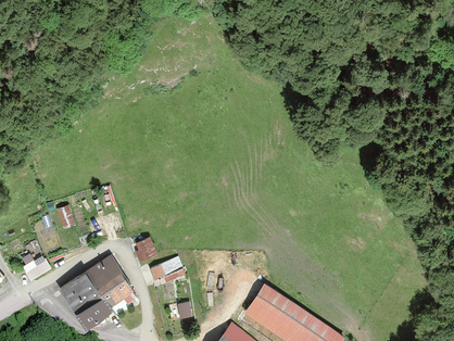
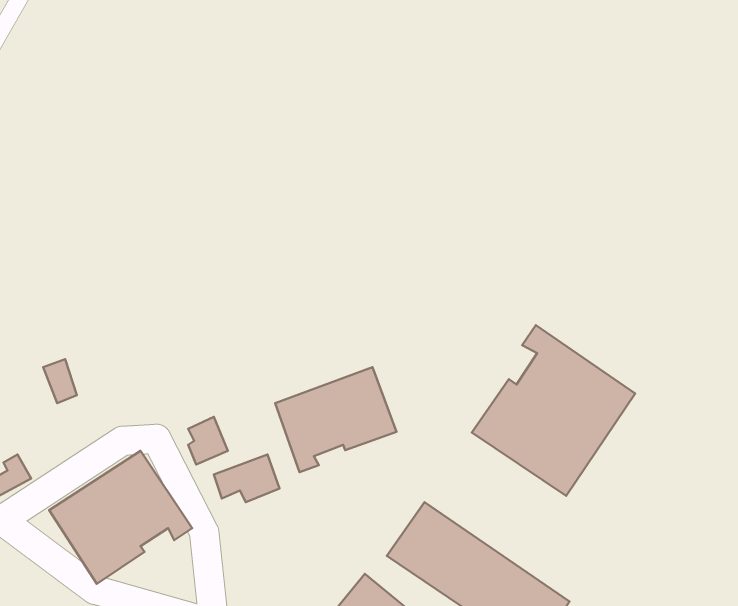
building: none -> [472,325,635,496]
building: none -> [275,367,397,472]

